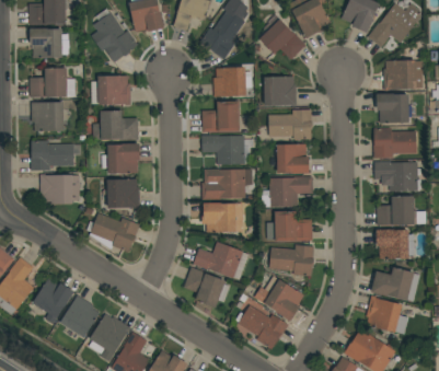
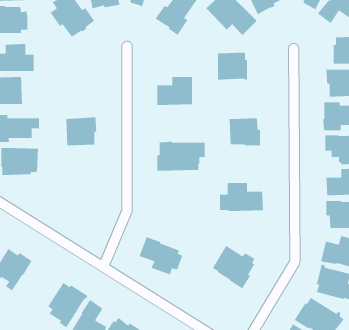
building: [212,67,246,97] -> none
building: [97,76,130,105] -> none
building: [268,109,312,140] -> none
building: [92,111,138,141] -> none
building: [201,136,244,165] -> none
building: [262,177,312,208] -> none
building: [107,179,139,209] -> none
building: [203,202,235,233] -> none
building: [86,213,139,253] -> none
building: [193,242,249,280] -> none
building: [265,245,314,277] -> none
building: [60,295,100,338] -> none
building: [235,305,288,350] -> none

